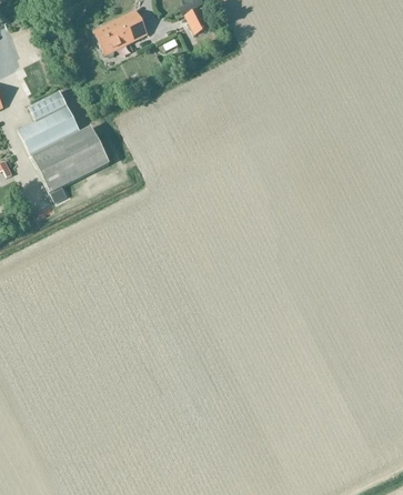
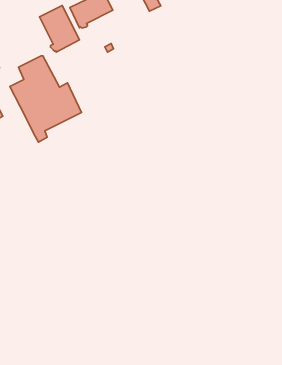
building: none -> [40,6,79,52]

